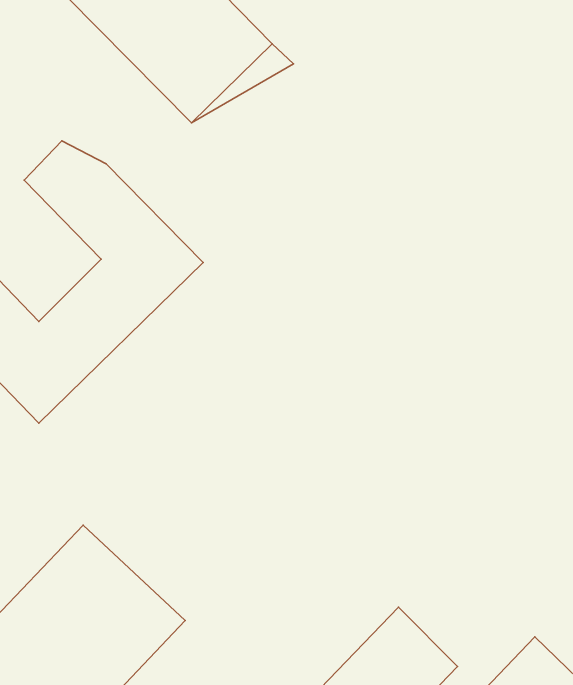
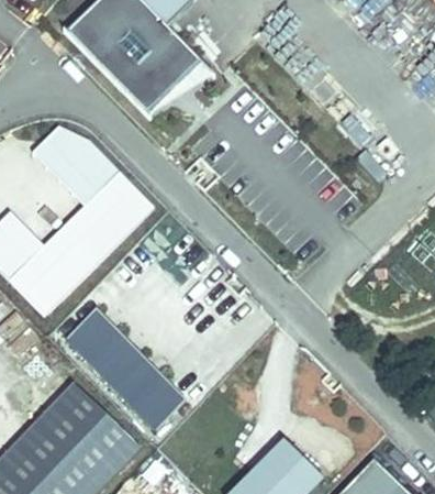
building: none -> [66,309,186,429]

